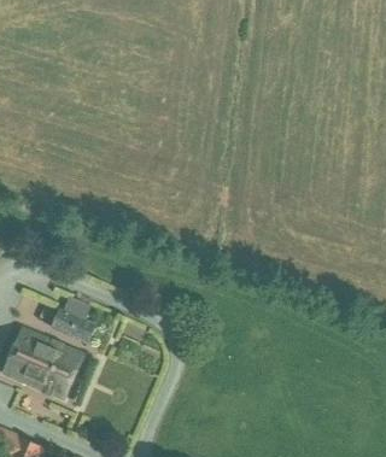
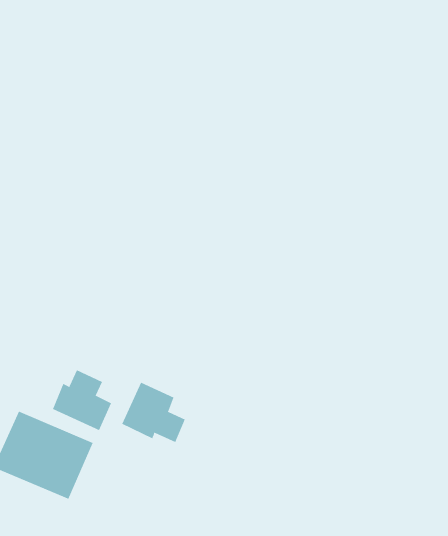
building: none -> [122,382,185,443]

